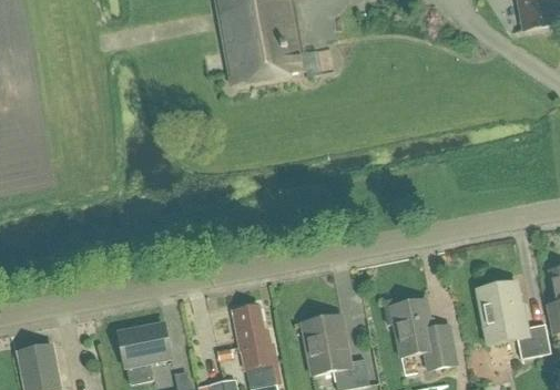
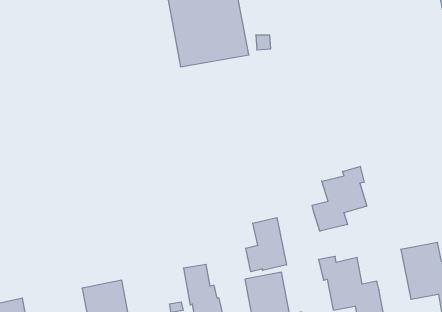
building: none -> [312,166,367,231]
building: none -> [246,218,287,272]

